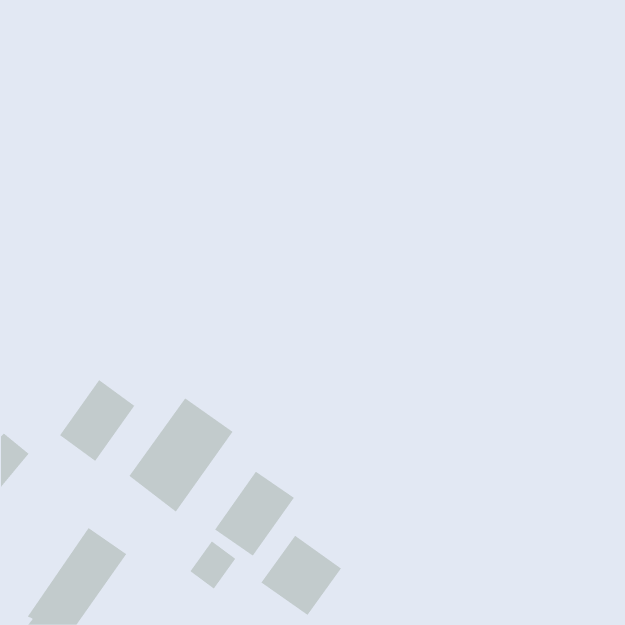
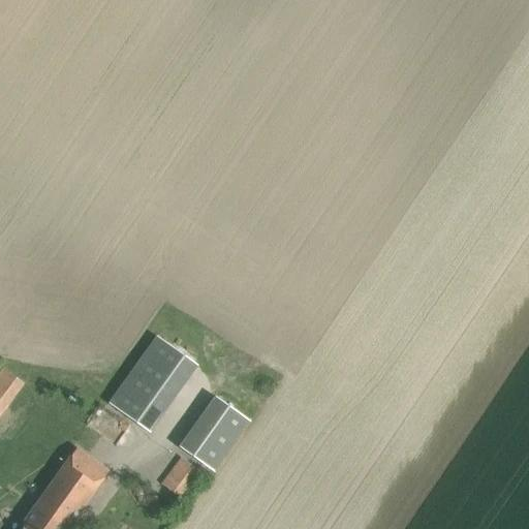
building: [59,379,135,462] -> none
building: [261,535,342,616] -> none

